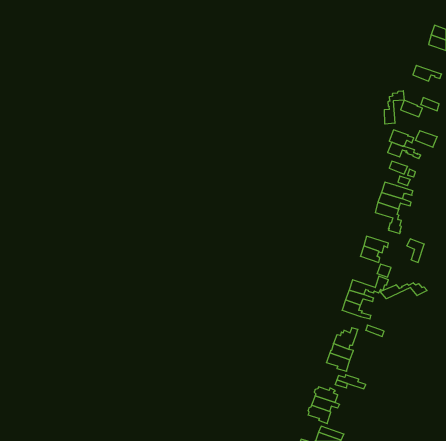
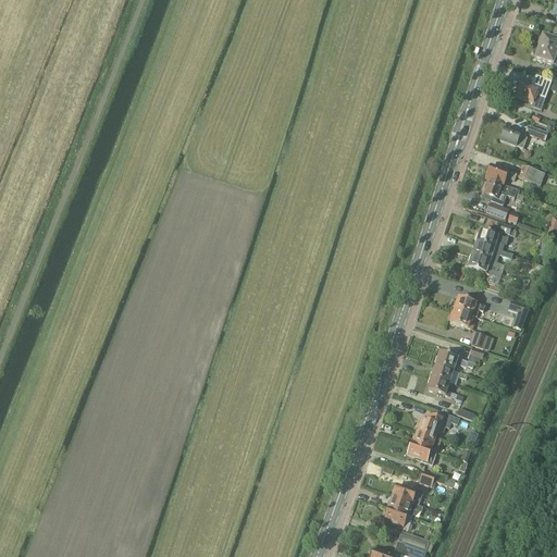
building: [384,91,404,124] -> none
building: [380,283,427,299] -> none

